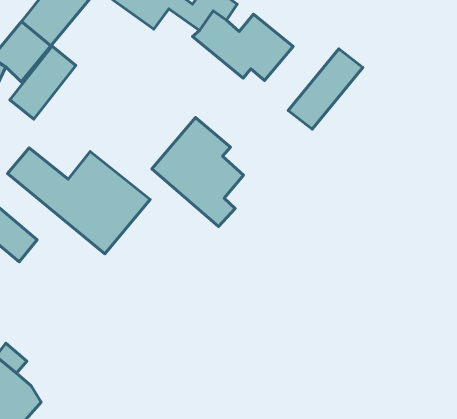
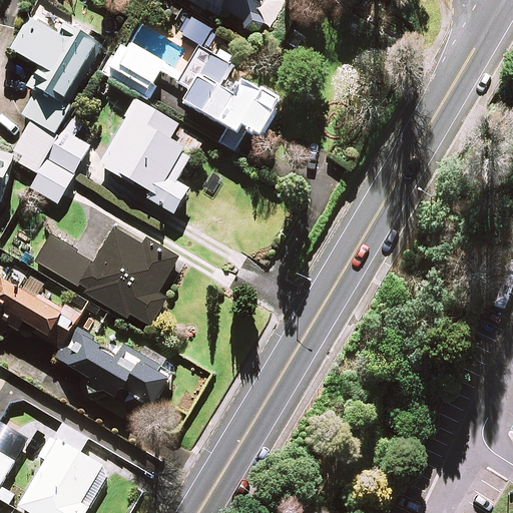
building: [288,49,363,129] -> none
building: [152,117,244,227] -> [100,106,189,207]
building: none -> [60,334,179,408]

